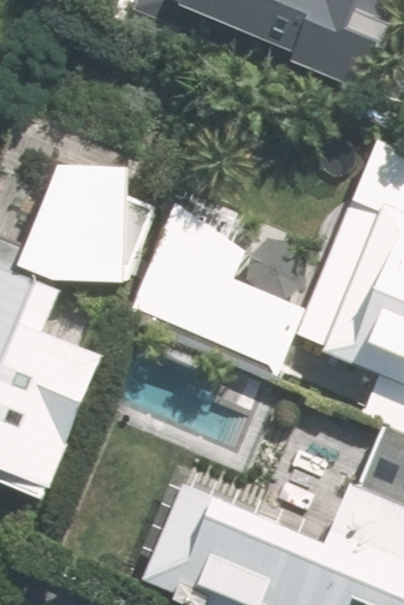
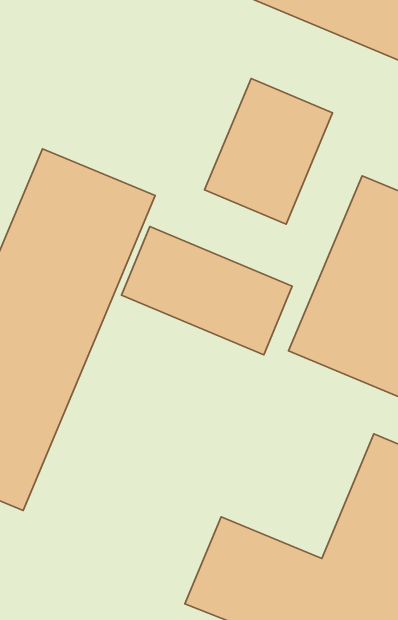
building: none -> [205,79,333,224]

